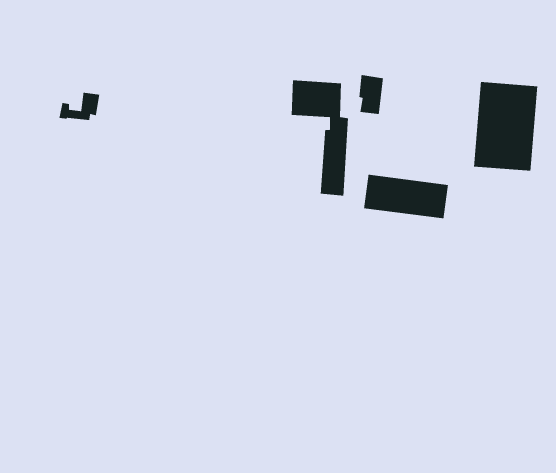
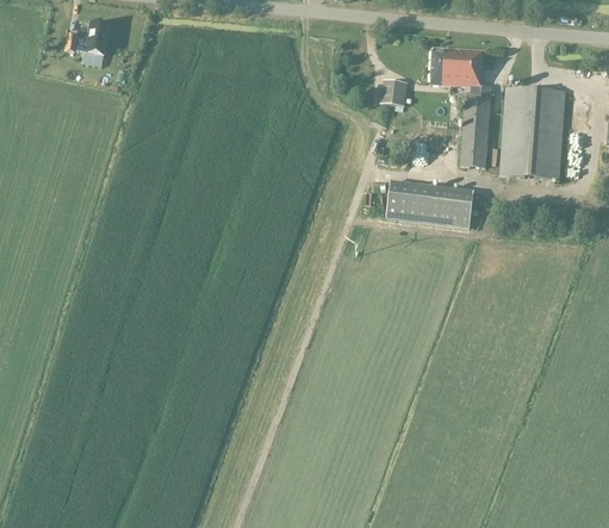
building: [291,79,349,197] -> [430,46,490,167]
building: [58,92,100,121] -> [63,23,106,52]

